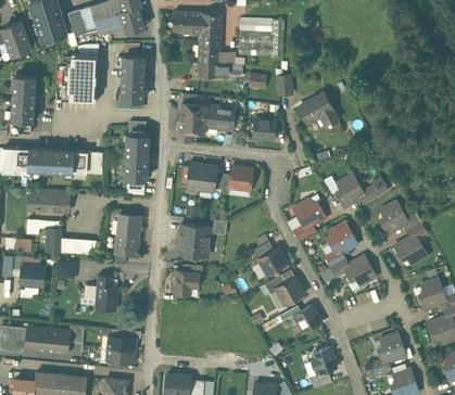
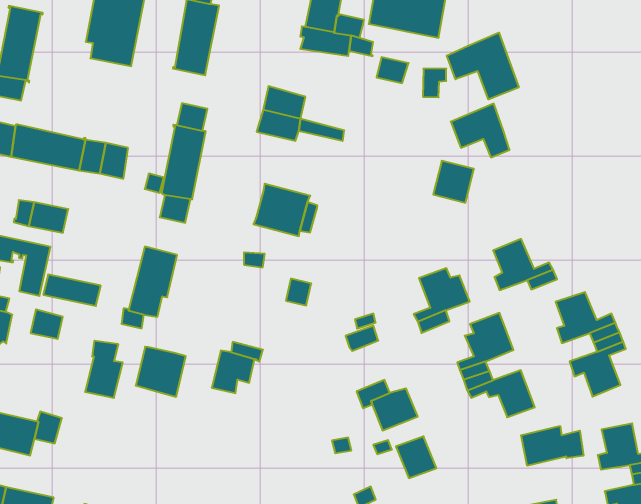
building: none -> [447,33,519,99]
building: [204,105,235,123] -> none
building: [252,117,275,141] -> [433,161,474,203]
building: [228,166,252,190] -> none
building: [177,225,210,256] -> none
building: [257,247,287,275] -> none
building: none -> [521,426,584,466]
building: [106,335,135,364] -> [136,347,186,397]

